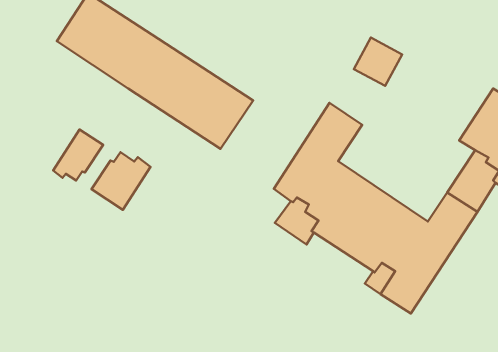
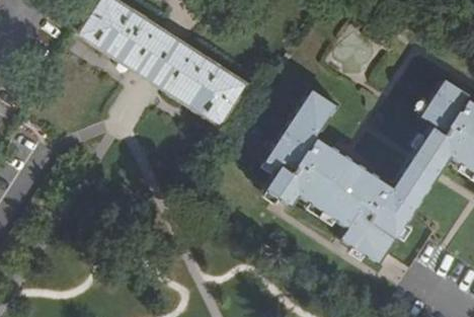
building: [53,129,103,181] -> none
building: [91,152,150,210] -> none

